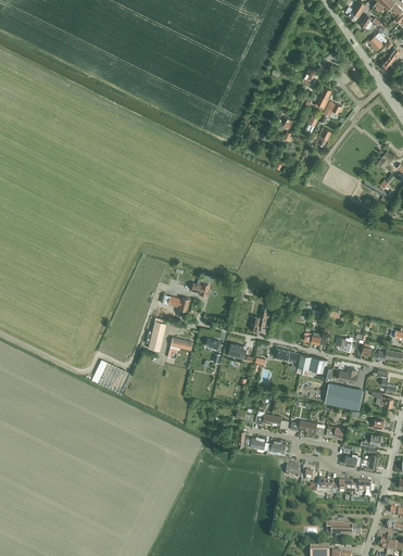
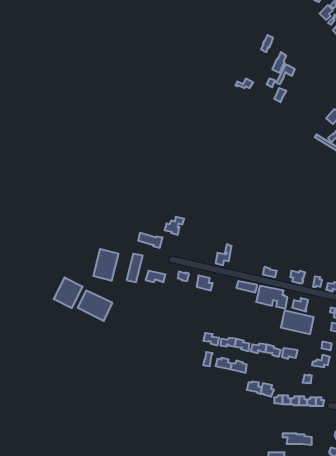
building: none -> [93,249,118,281]
building: none -> [54,277,83,308]

